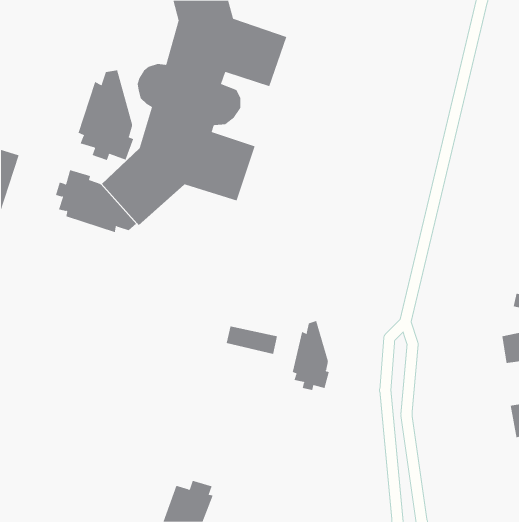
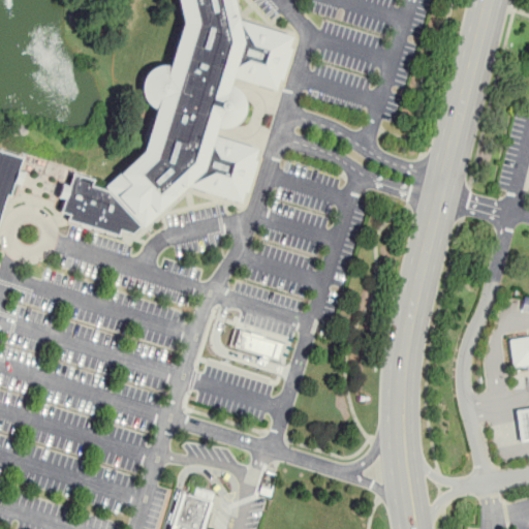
building: [78,70,134,161] -> none
building: [292,320,330,391] -> none

